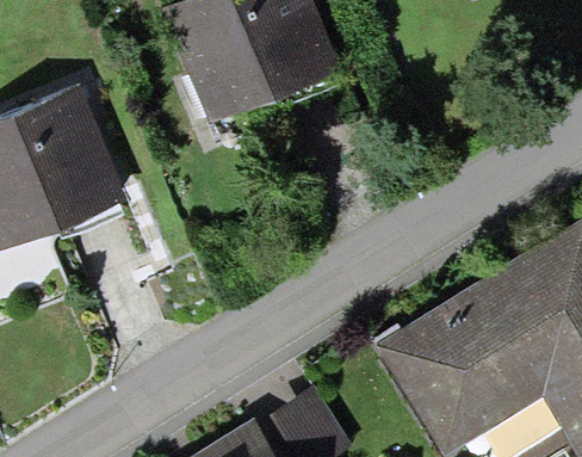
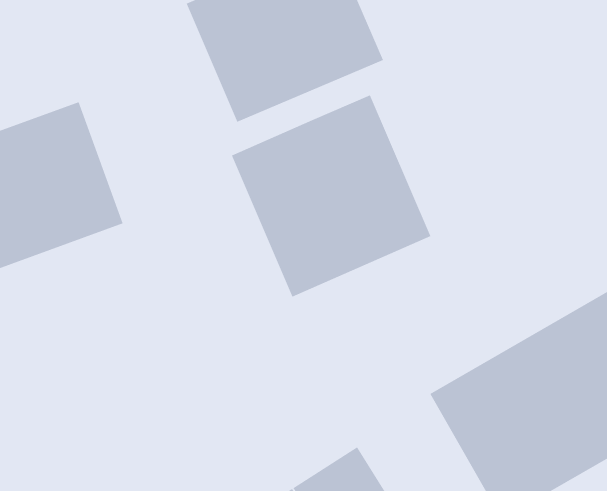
building: none -> [231,95,431,297]

